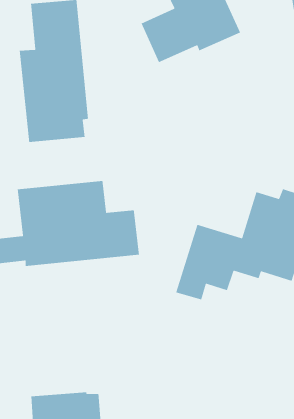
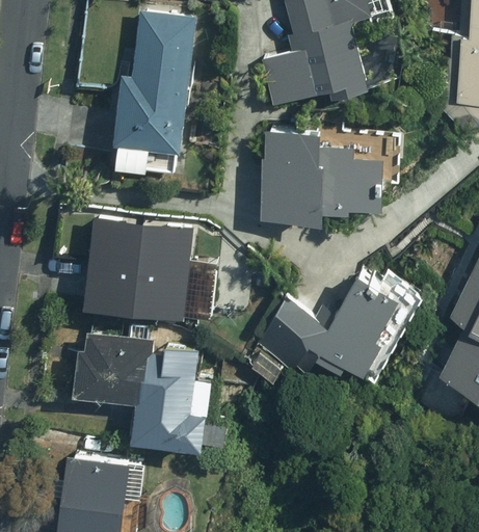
building: none -> [261,130,402,221]
building: none -> [72,337,225,448]

